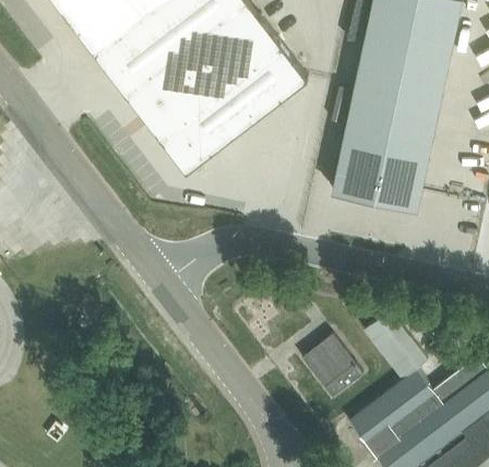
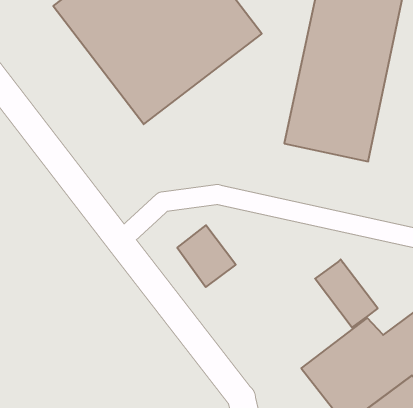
building: [301,336,361,399] -> [177,225,236,287]

